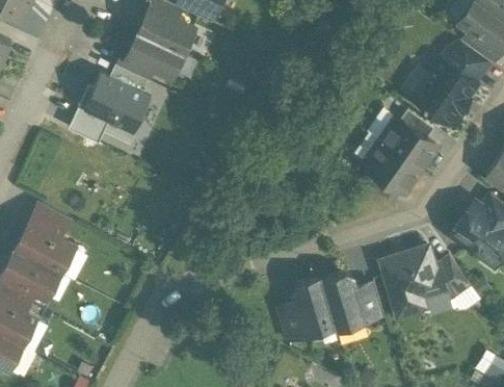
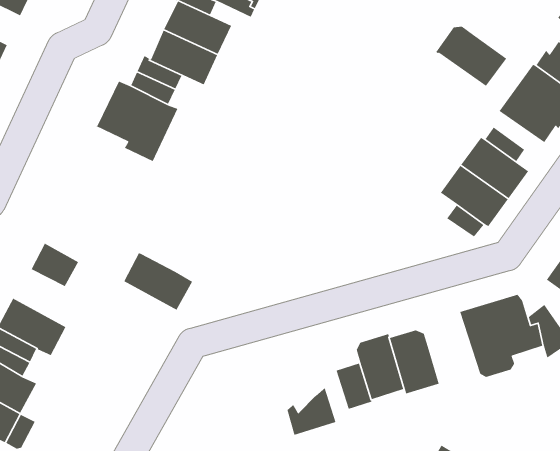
building: none -> [435,26,507,87]
building: [69,108,109,146] -> none
building: [16,227,73,275] -> [123,252,193,311]
building: [354,285,383,324] -> none
building: none -> [287,387,337,436]

